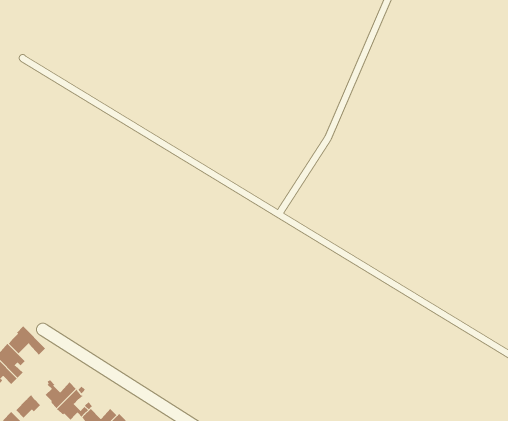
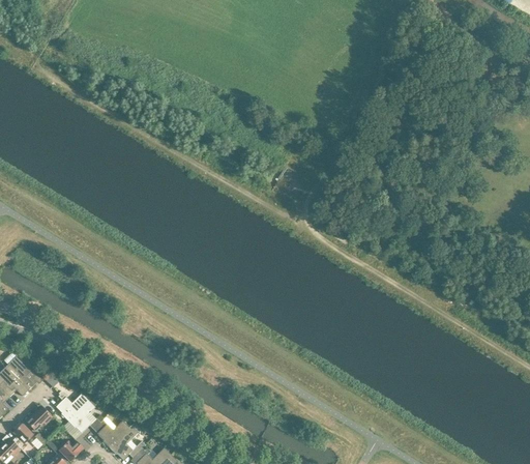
building: [8,326,46,355] -> none

